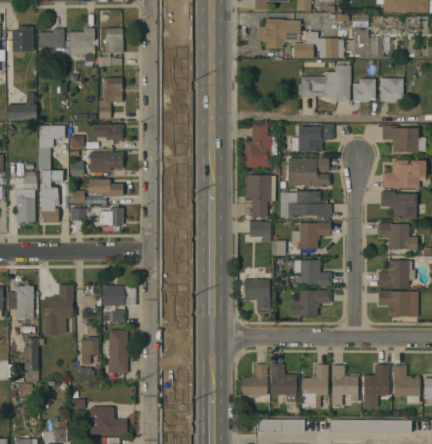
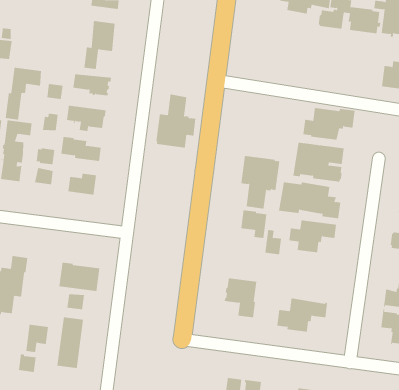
building: [298,61,350,102] -> none
building: [245,124,277,168] -> [155,94,196,148]
building: [294,259,331,287] -> none

